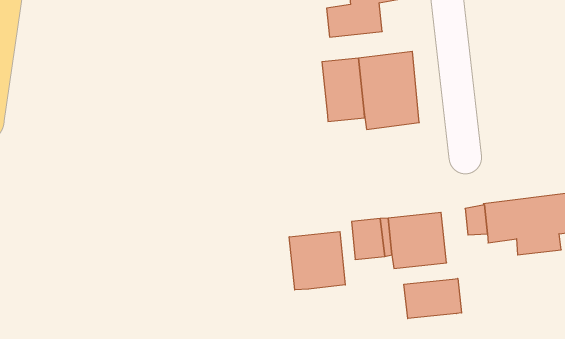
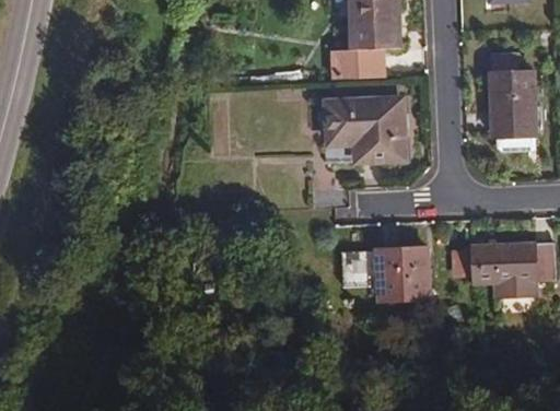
building: none -> [492,59,537,152]
building: [289,232,345,290] -> none
building: [404,278,462,319] -> none

